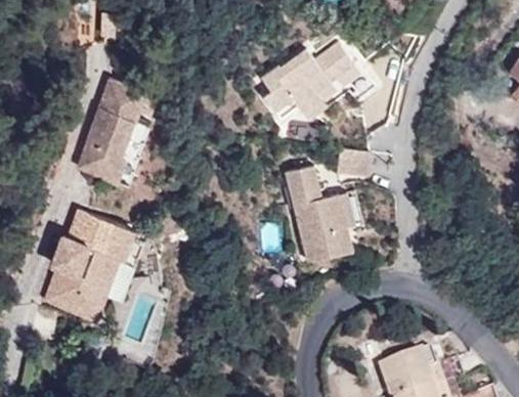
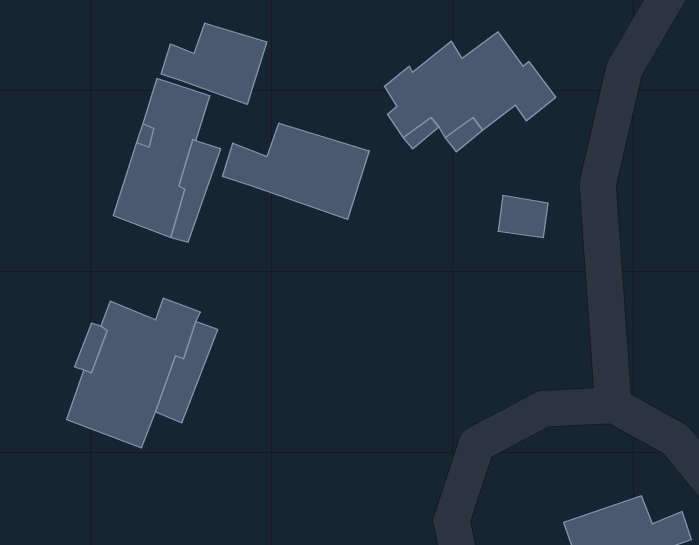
building: none -> [161,23,267,104]
building: none -> [223,123,369,219]
building: [283,167,357,262] -> none

